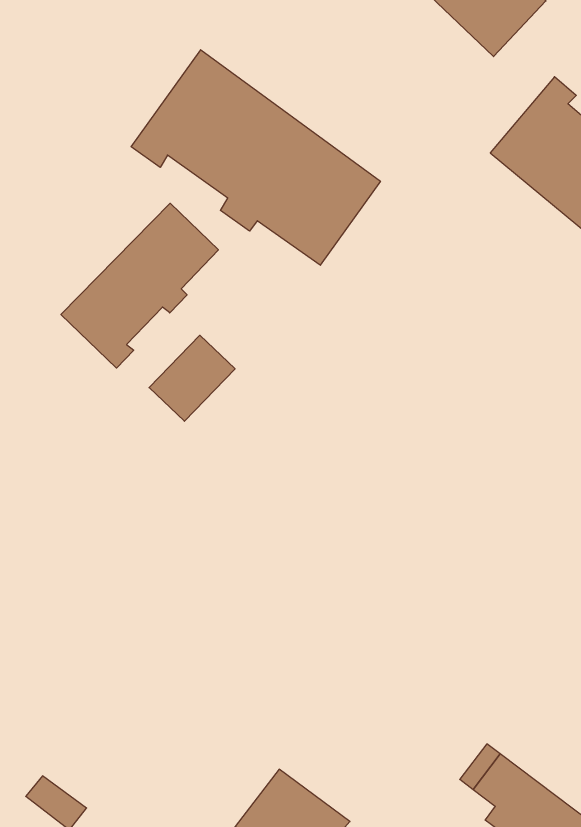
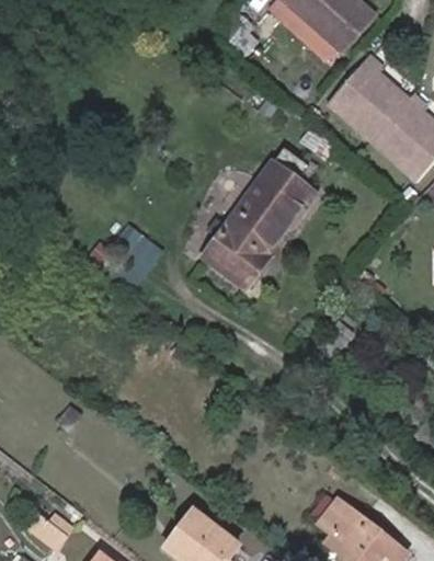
building: [131,50,380,265] -> none
building: [61,203,218,368] -> none
building: none -> [207,163,312,284]

